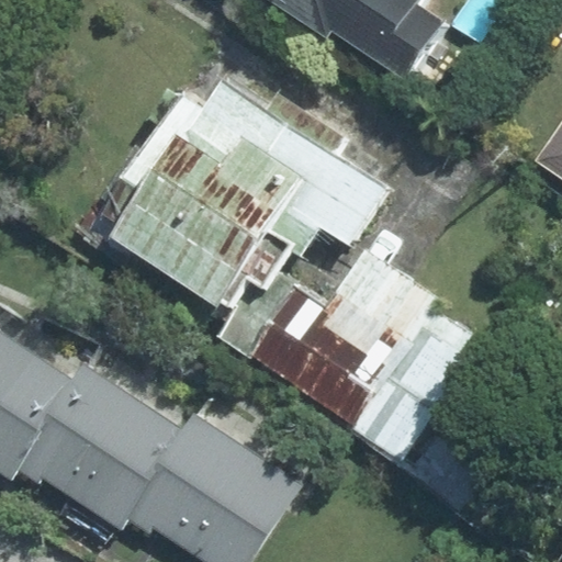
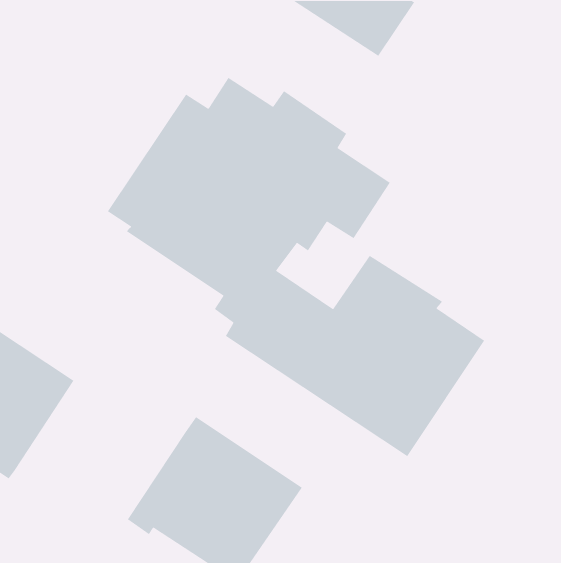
building: [15,367,182,528] -> none

